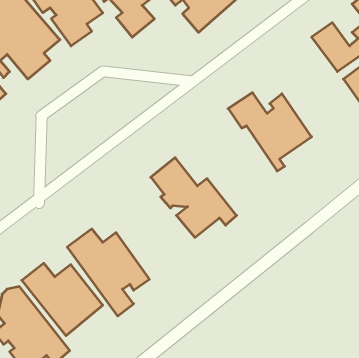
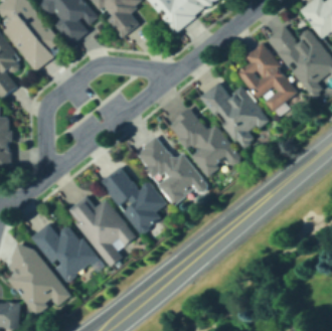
building: none -> [238,43,296,109]
building: none -> [168,110,243,175]
building: none -> [100,166,168,234]

